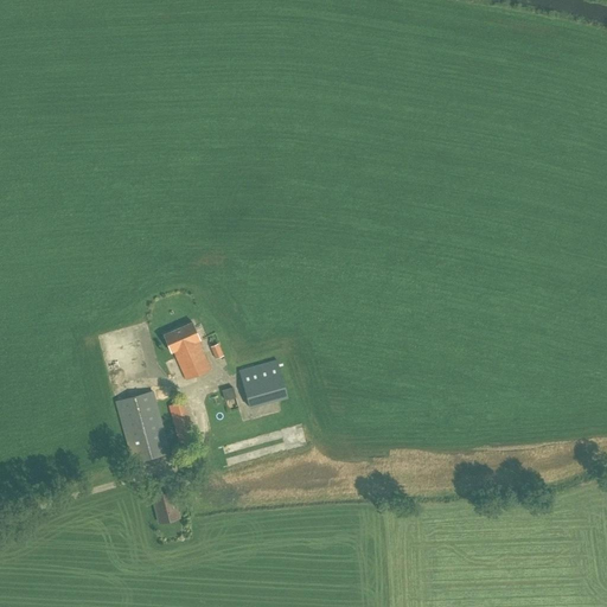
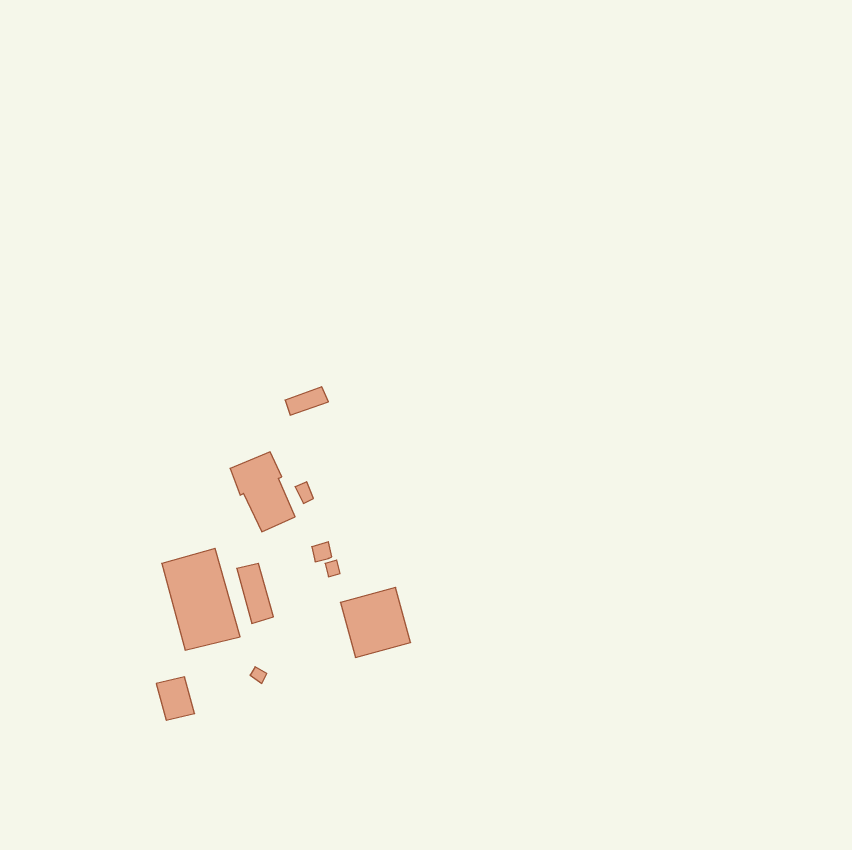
building: [238,358,288,408] -> [340,587,411,657]
building: [152,491,179,522] -> [156,677,195,720]

